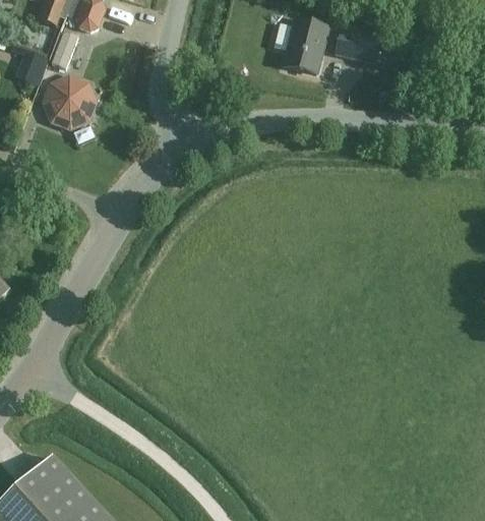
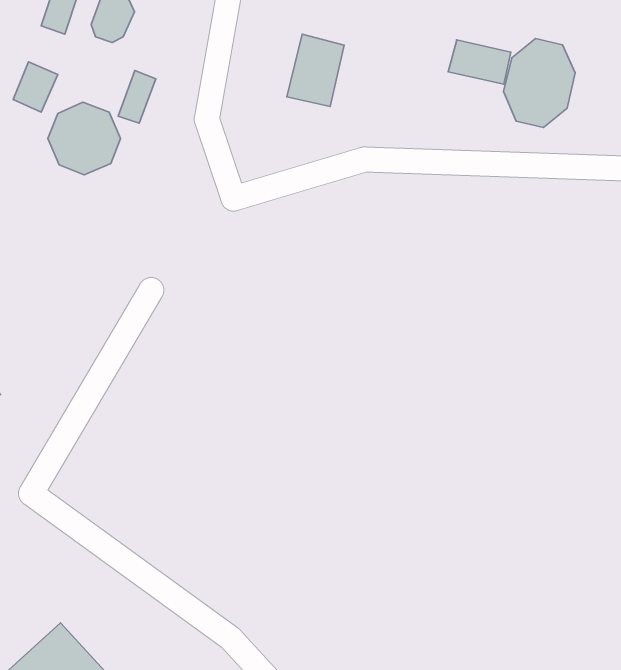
building: [284,19,325,72] -> [287,34,344,107]
building: none -> [504,39,575,127]
building: [50,30,77,68] -> [118,70,156,123]

